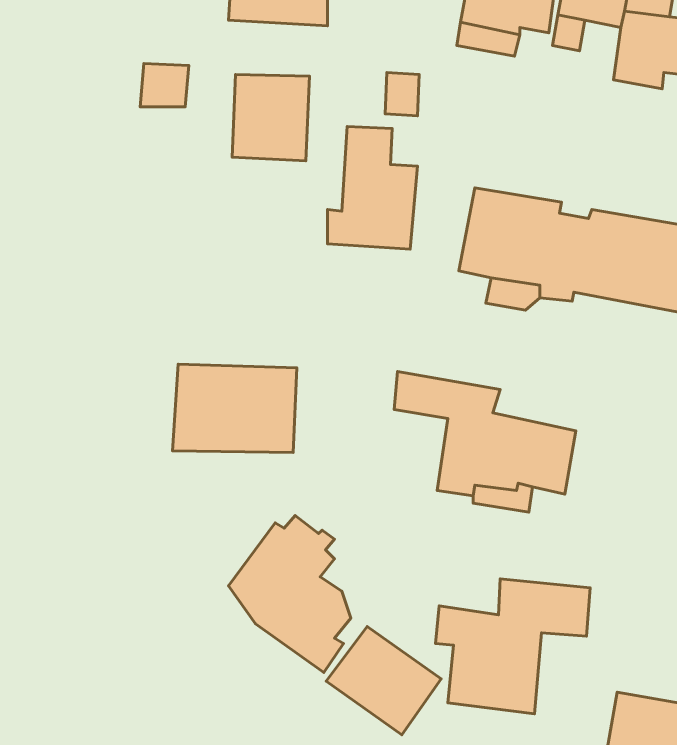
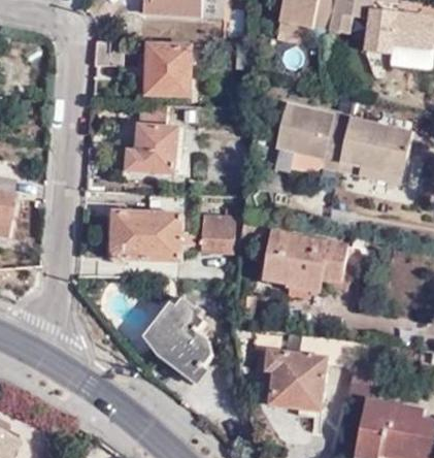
building: [327,127,417,249] -> [129,103,180,173]
building: none -> [198,214,240,252]
building: [326,626,441,735] -> none

